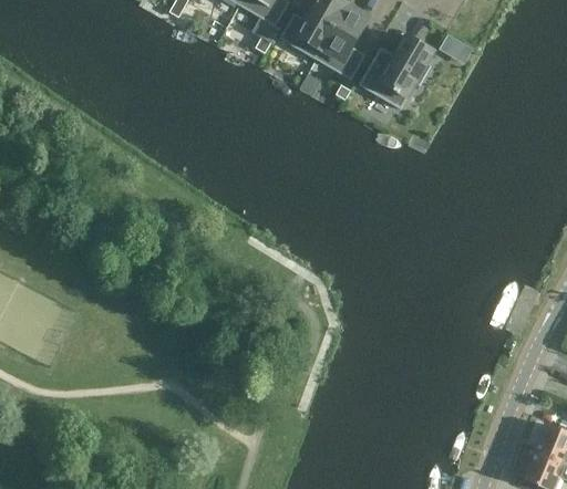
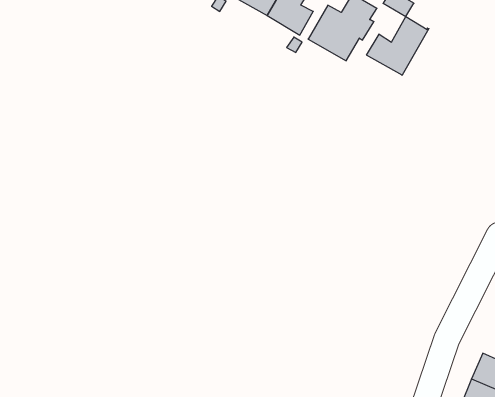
building: none -> [367,17,429,75]

